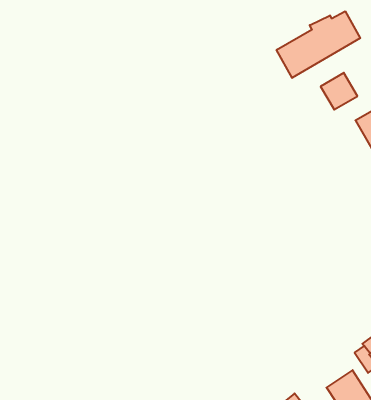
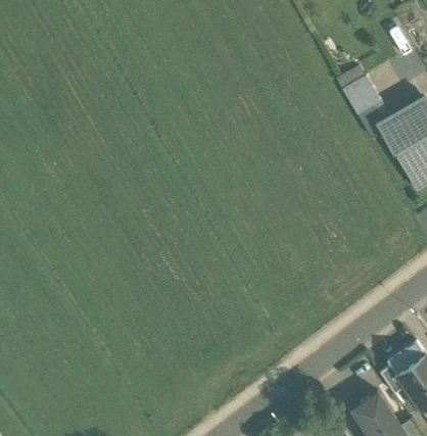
building: [277,11,360,78] -> none

